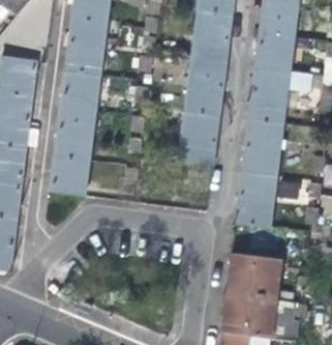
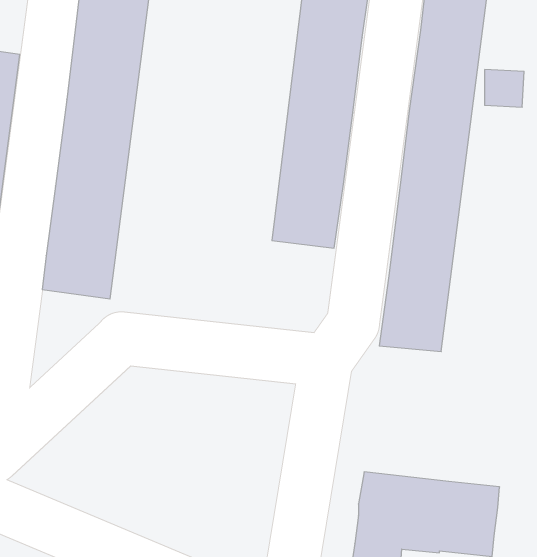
building: [227,252,278,296] -> none

